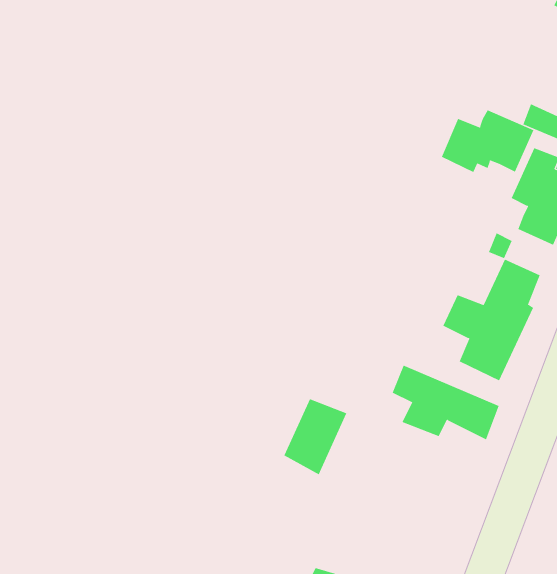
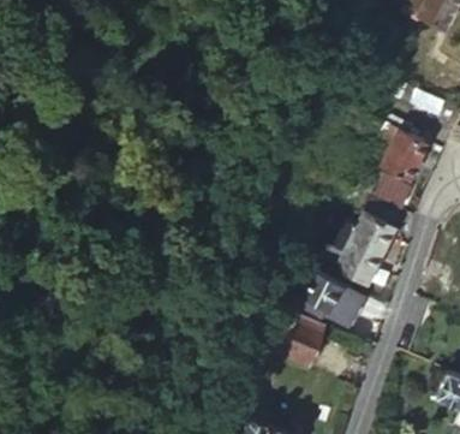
building: [441,110,534,173] -> none
building: [283,398,347,475] -> [279,314,325,370]

